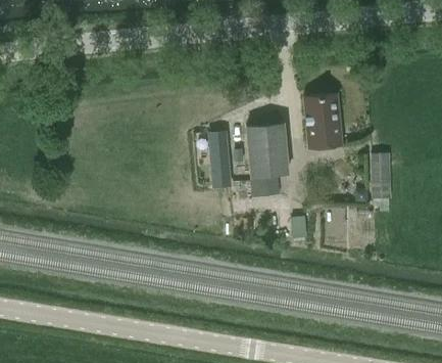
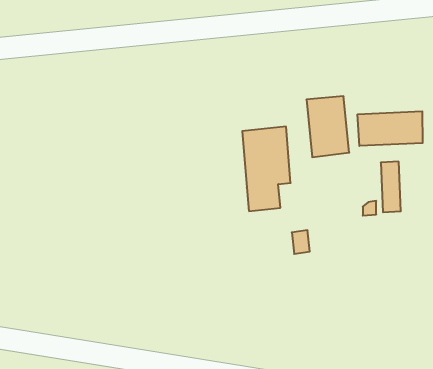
building: none -> [358,111,423,146]
building: [209,132,231,189] -> none

